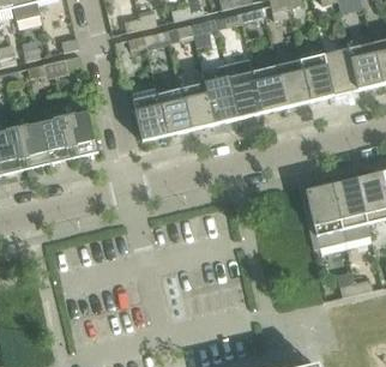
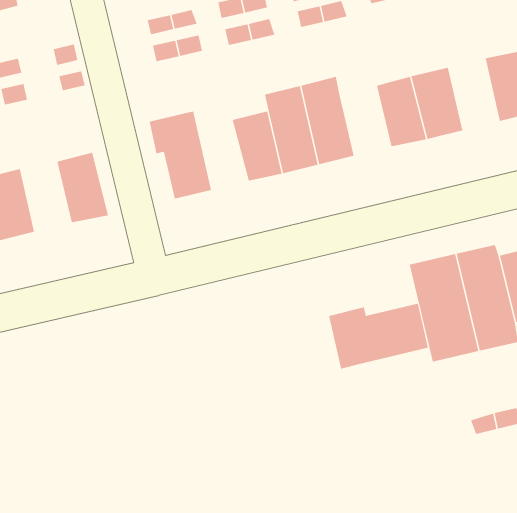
building: [324,47,357,95] -> none
building: [252,65,285,112] -> none
building: [157,88,191,134] -> none
building: [40,115,73,162] -> none
building: none -> [328,303,428,369]

